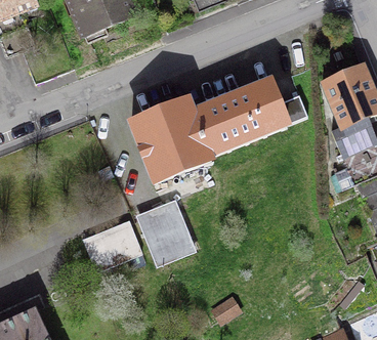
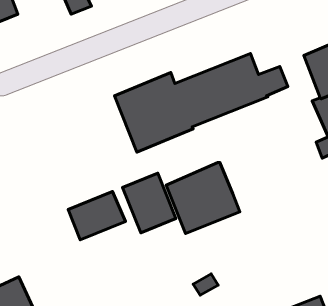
building: none -> [166,162,240,234]

